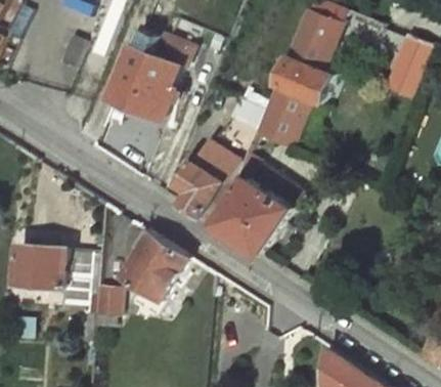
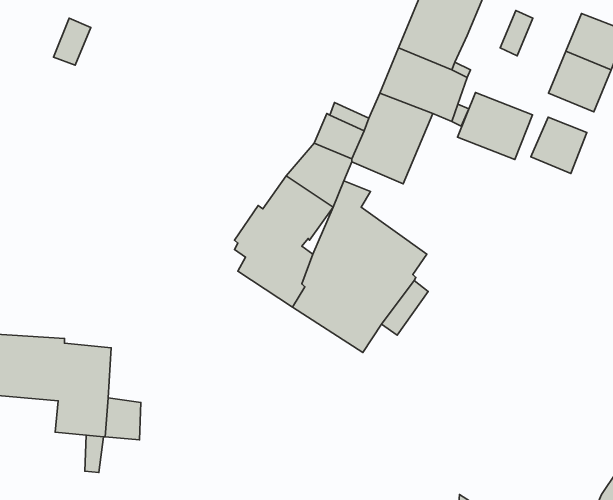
building: [108,40,187,126] -> none
building: none -> [458,93,533,160]
building: none -> [531,117,587,173]
building: [121,229,185,301] -> none

